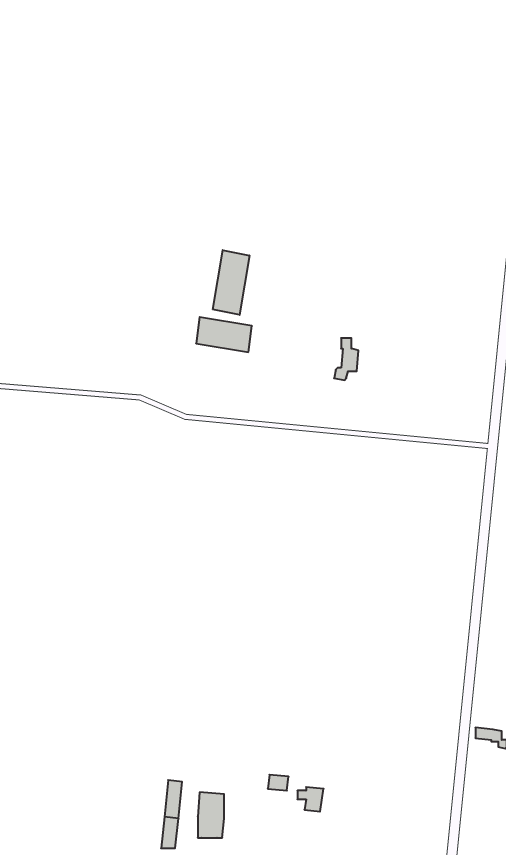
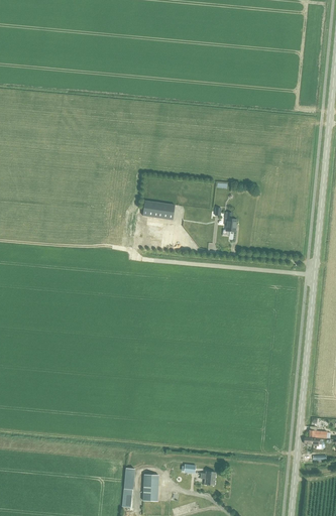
building: [213,250,249,315] -> none

